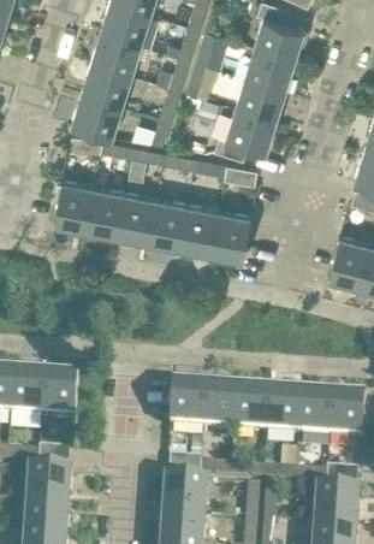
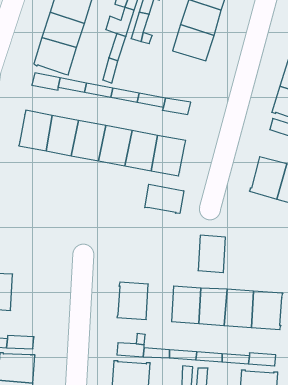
building: [214,111,274,162] -> none
building: none -> [145,184,184,213]
building: [42,377,78,422] -> none
building: [203,389,236,433] -> [198,235,225,273]

